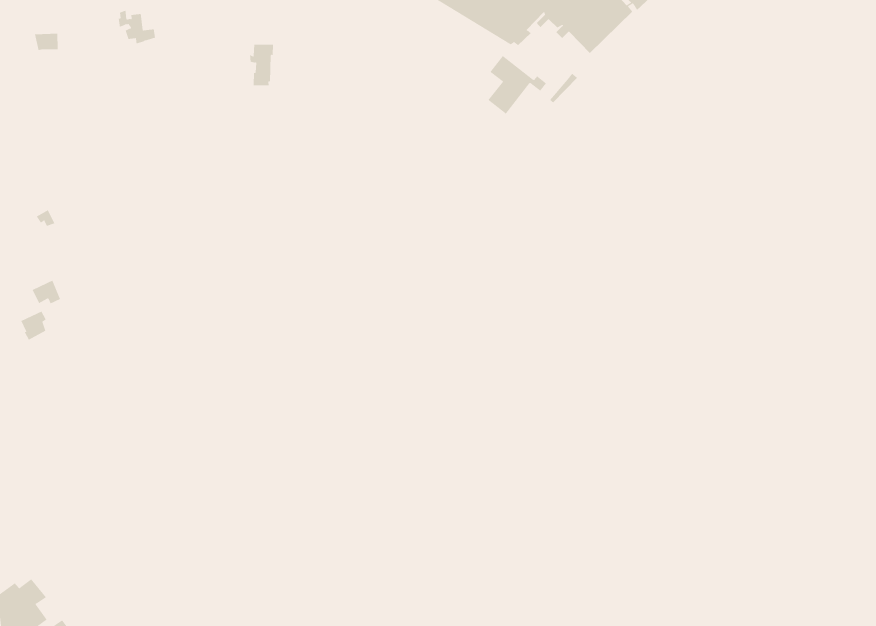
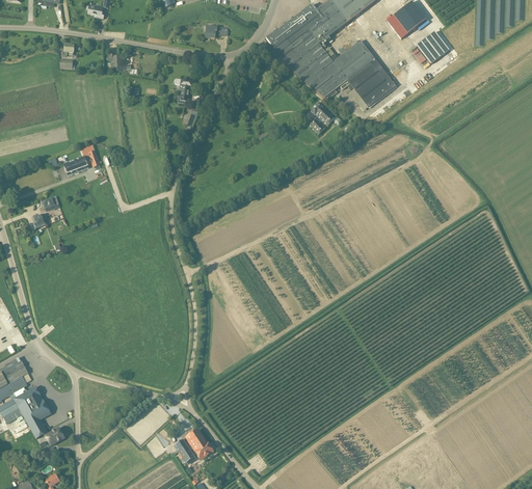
building: none -> [63,144,100,174]

